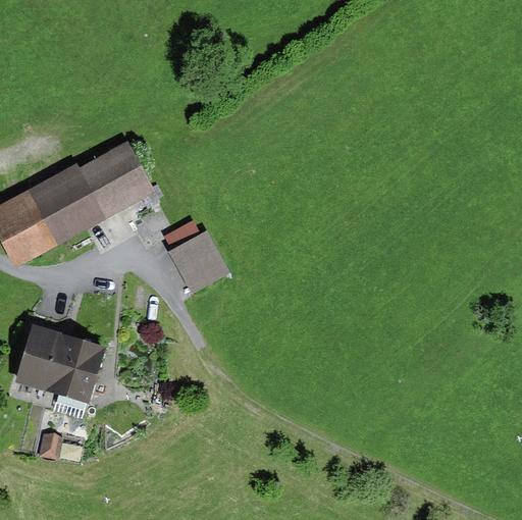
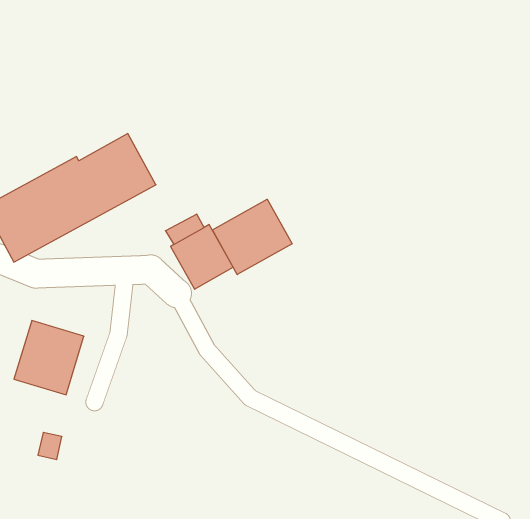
building: none -> [212,199,292,275]
building: [65,340,105,403] -> none

